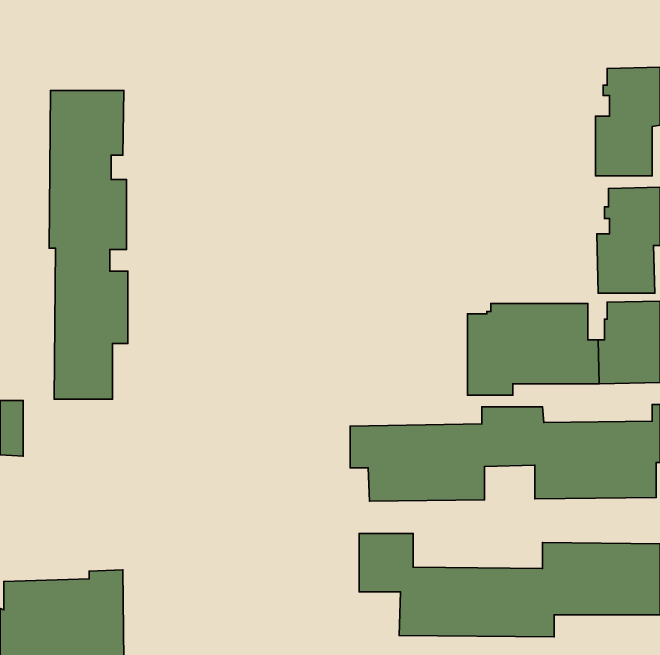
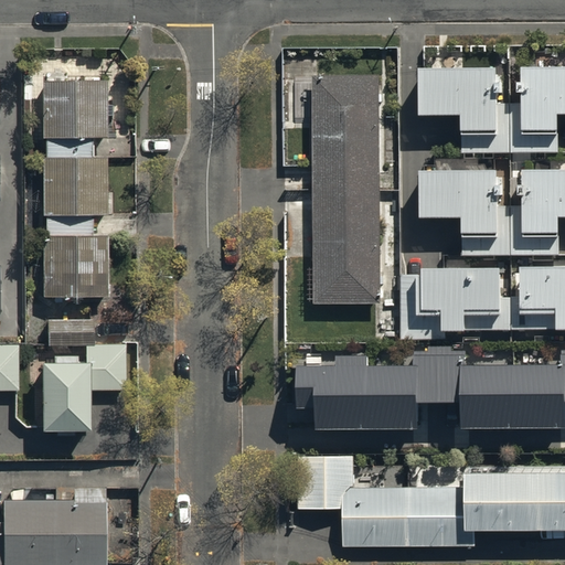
building: none -> [416,62,509,154]
building: none -> [309,74,380,303]
building: none -> [418,163,511,256]
building: none -> [44,347,127,429]

